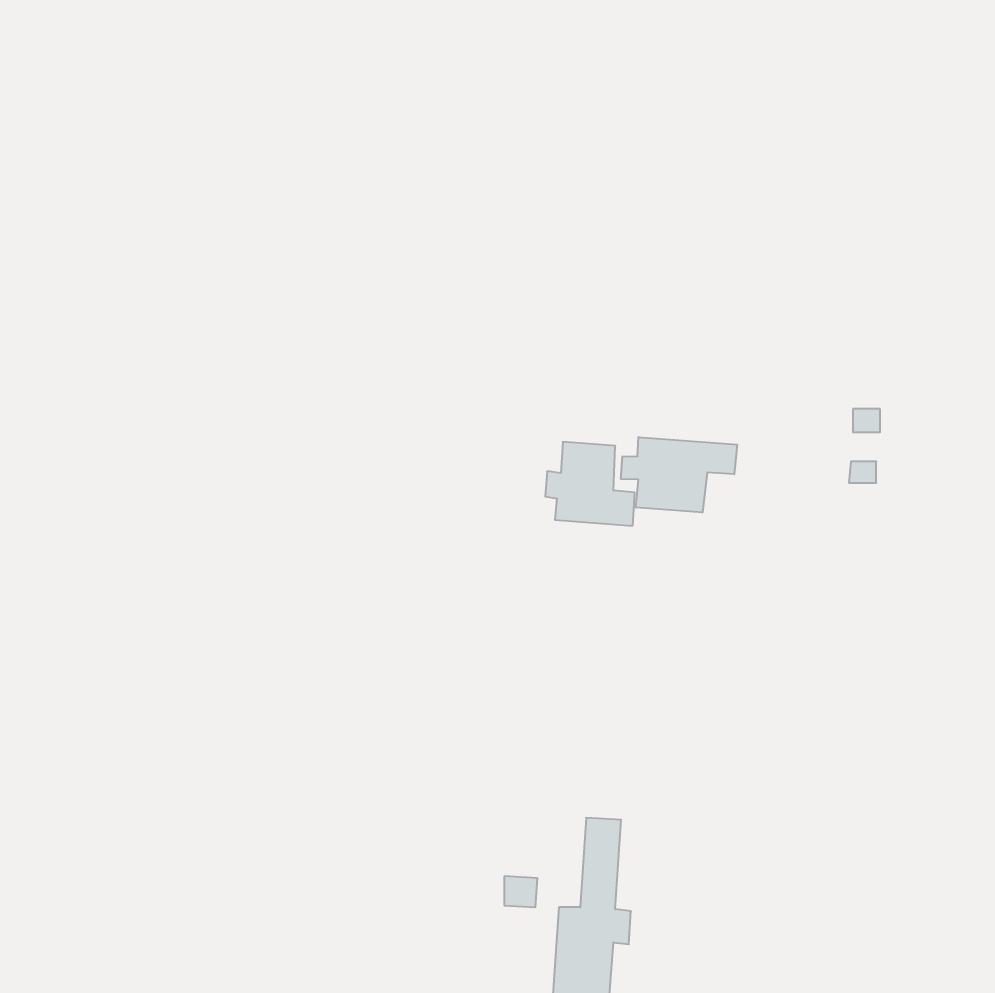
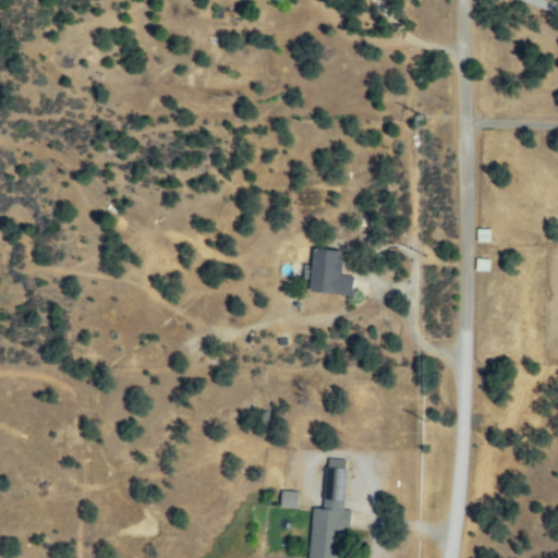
building: [621,437,737,513] -> none

